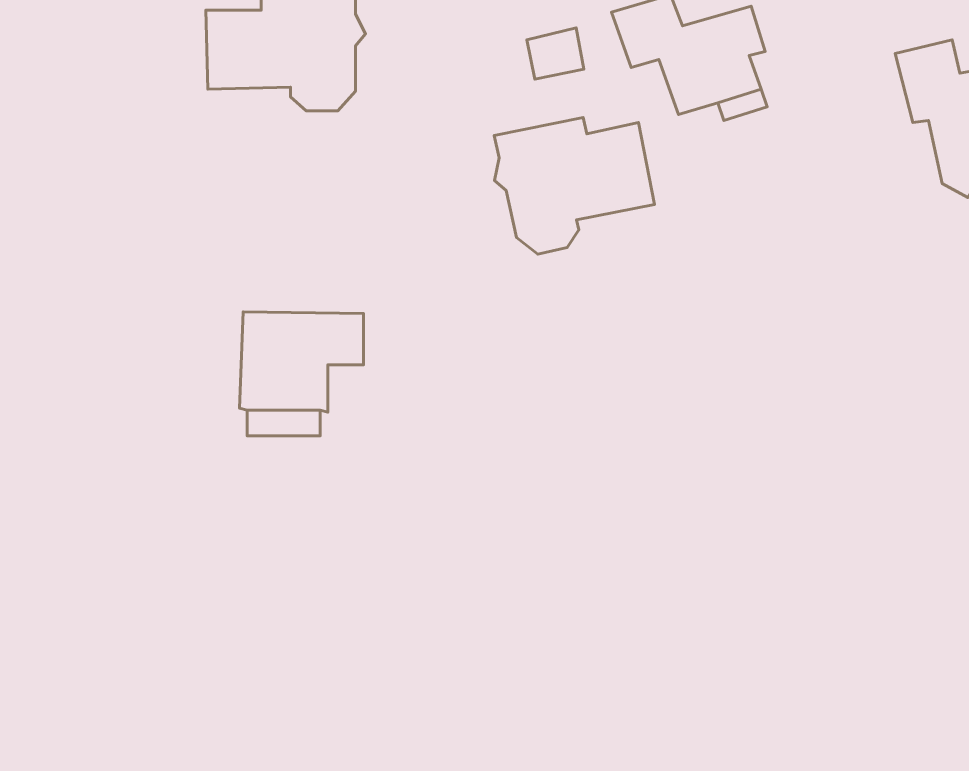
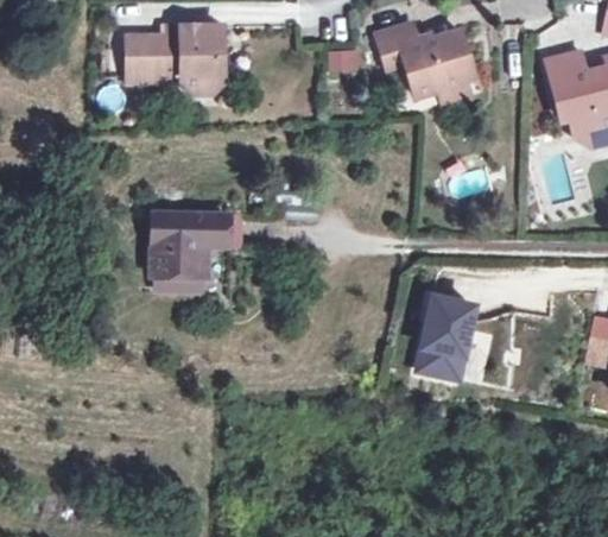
building: [494,118,655,254] -> none
building: none -> [412,292,475,381]

